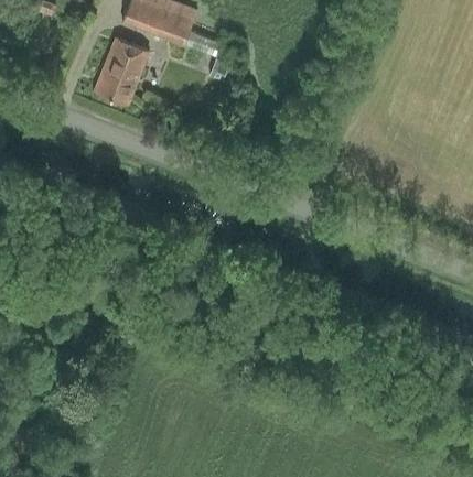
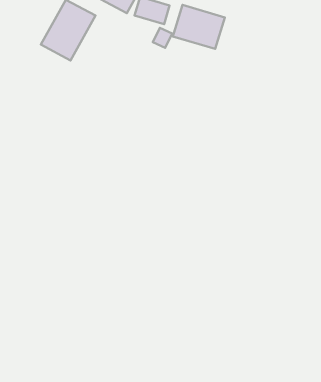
building: none -> [173,5,225,49]

